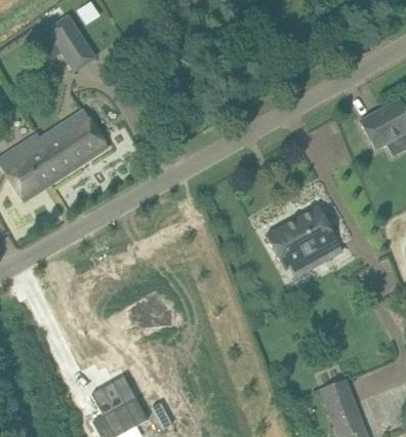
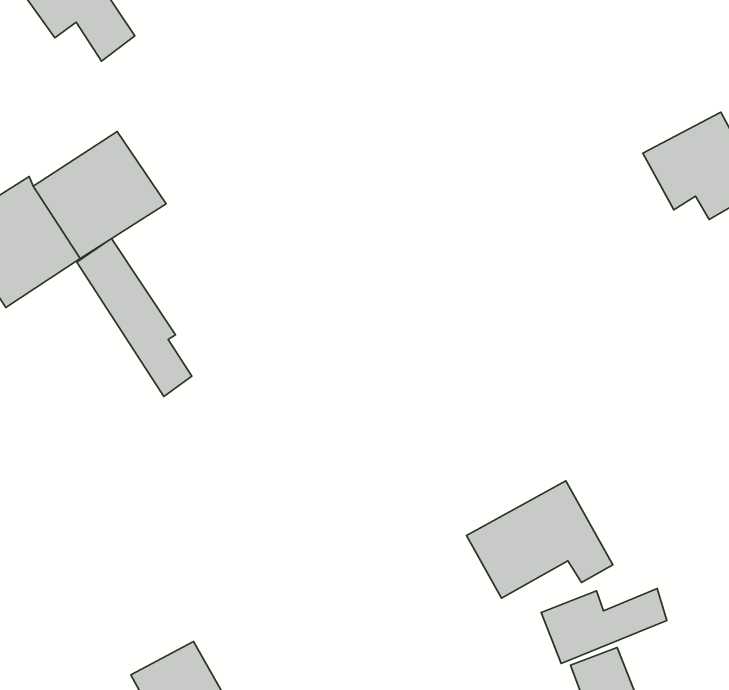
building: none -> [77,239,192,396]
building: [266,206,342,268] -> [466,481,613,598]
building: none -> [541,589,667,663]

